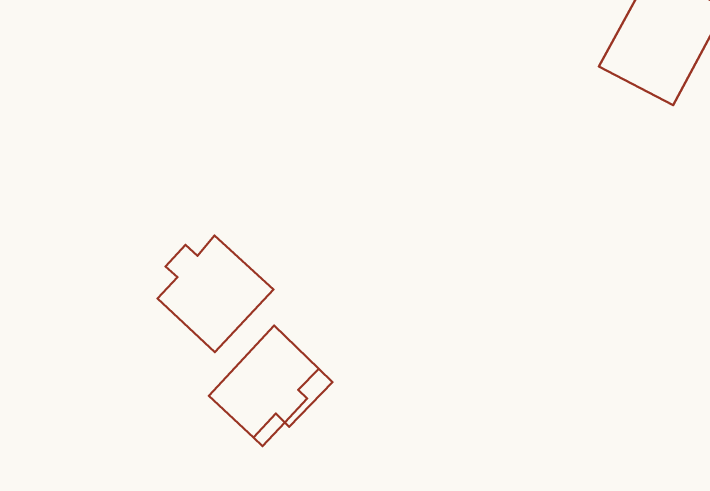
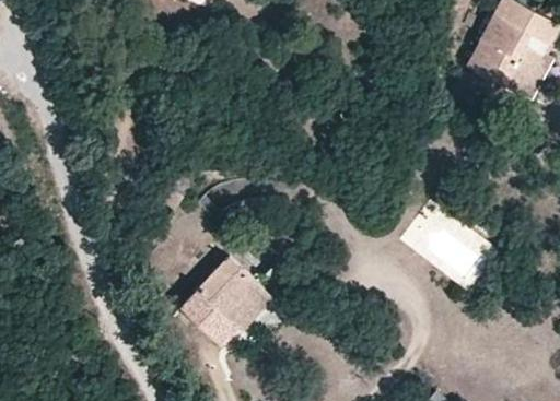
building: [158,236,273,352] -> none

